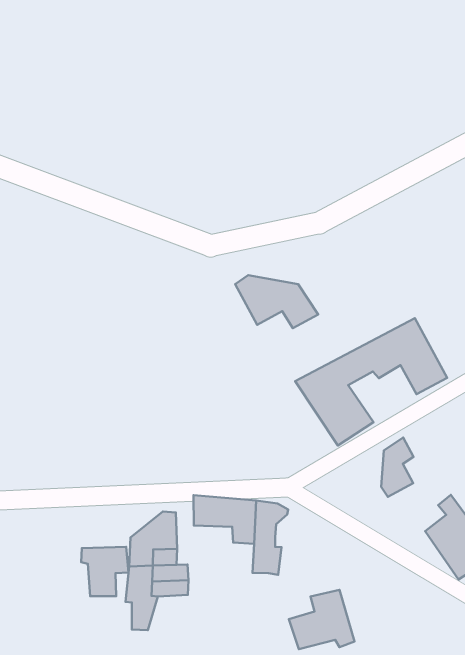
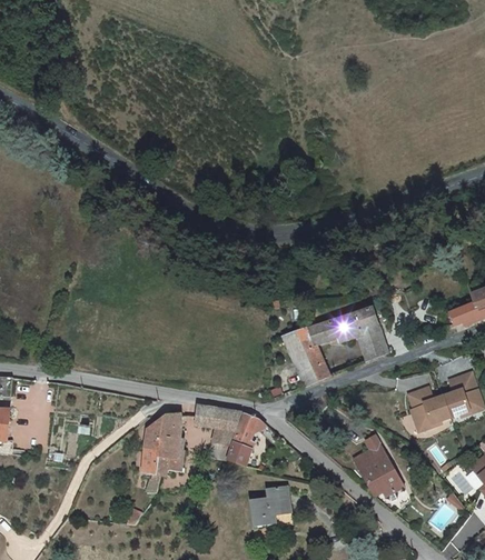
building: [235,275,318,328] -> none
building: [381,438,413,497] -> none
building: [81,547,129,596] -> none

